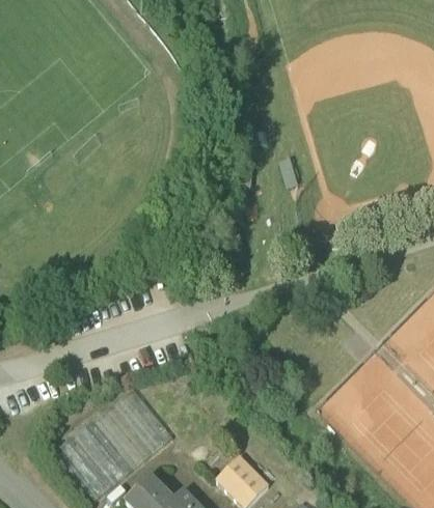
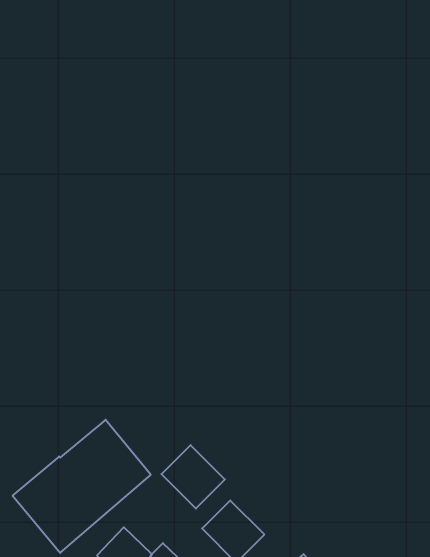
building: none -> [161,445,225,509]

